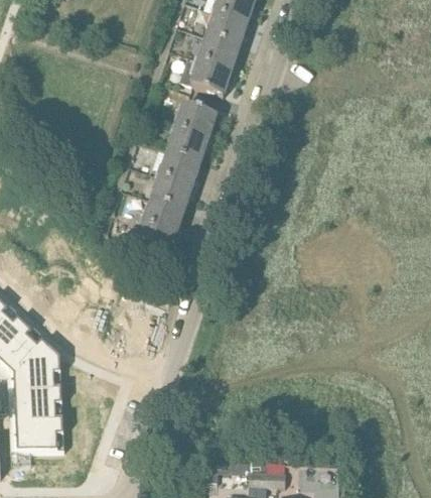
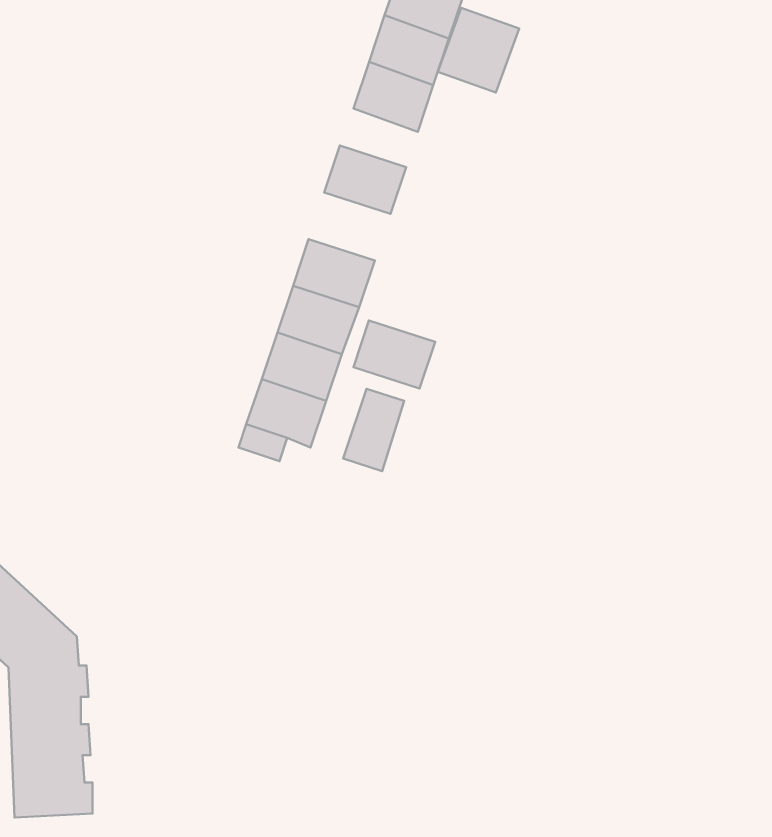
building: none -> [438,8,519,93]
building: [167,123,209,158] -> [353,320,435,389]
building: none -> [343,389,404,471]

